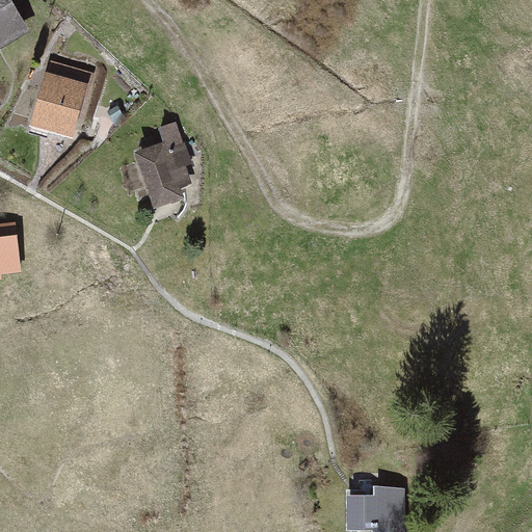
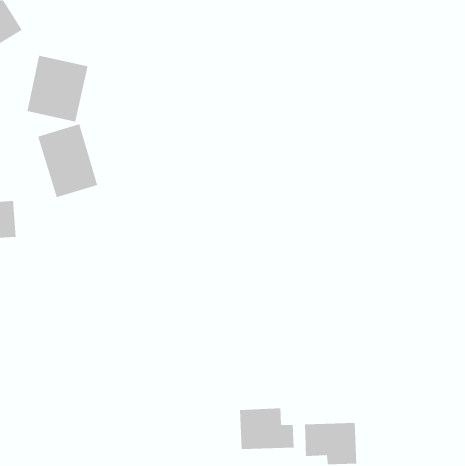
building: [128,126,197,211] -> [37,123,98,198]
building: none -> [239,408,294,450]

